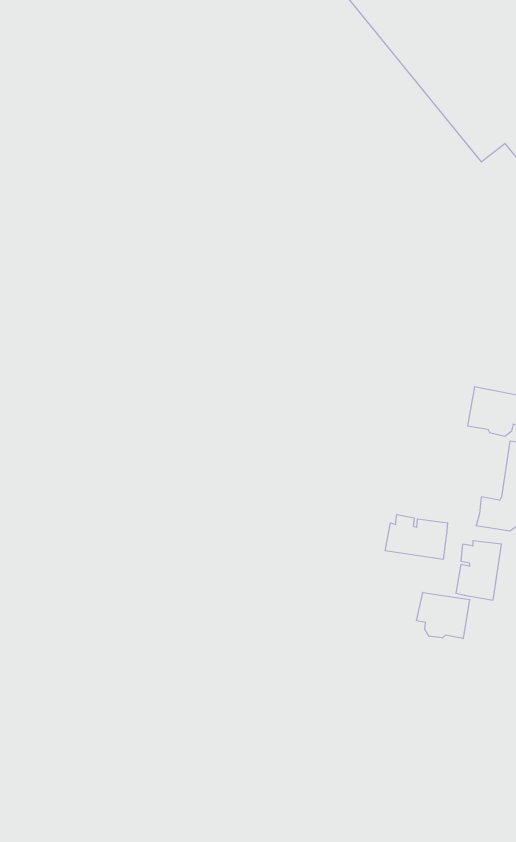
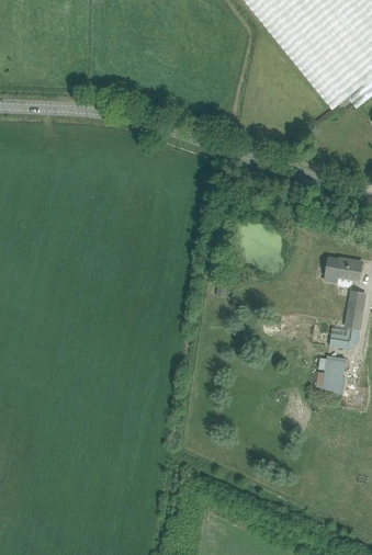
building: [385,514,448,559] -> none
building: [417,592,470,639] -> none

